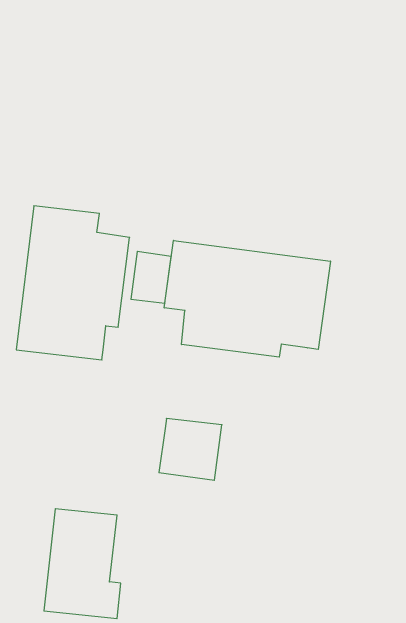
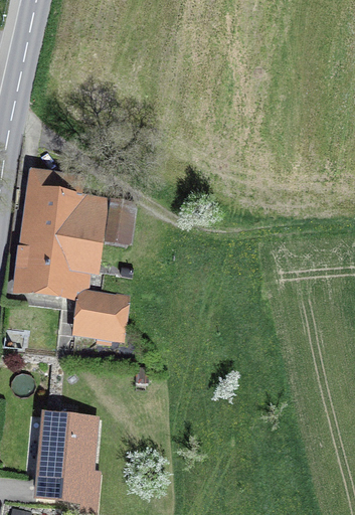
building: [164,240,330,357] -> none
building: [159,418,222,480] -> [77,289,128,338]

